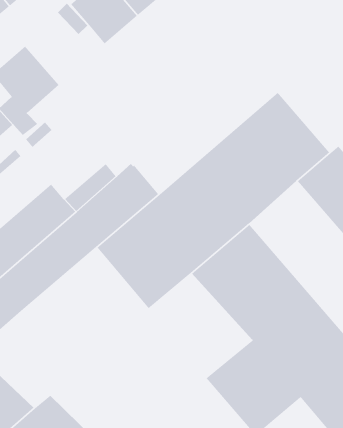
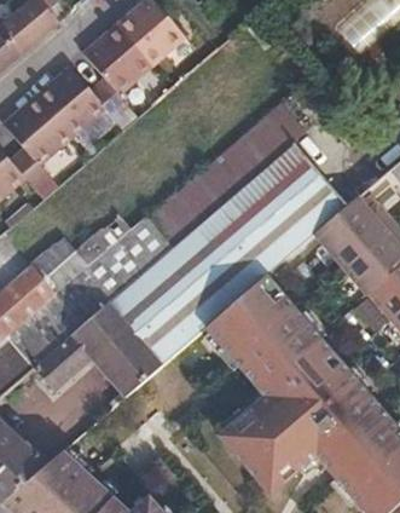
building: none -> [36,67,128,136]
building: none -> [147,102,307,247]
building: none -> [33,301,162,397]

